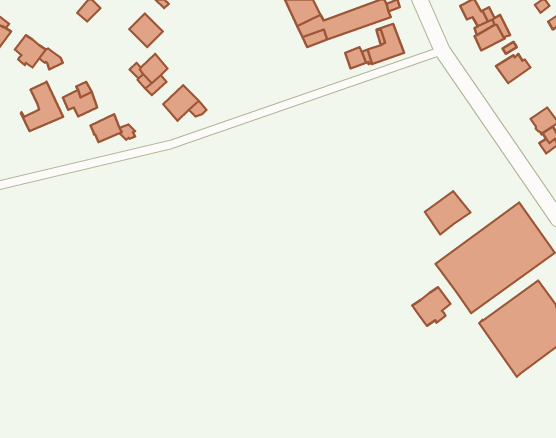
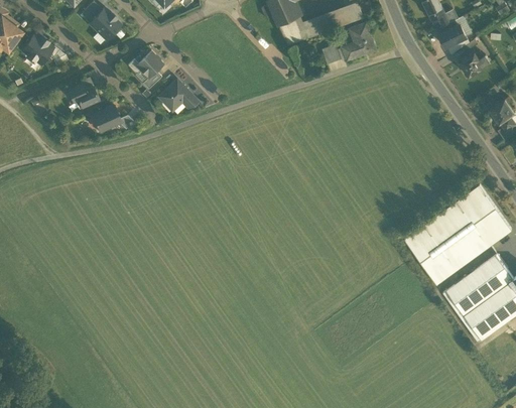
building: [129,14,163,47] -> [90,8,120,38]
building: [21,81,63,131] -> none
building: [425,191,470,234] -> none
building: [412,287,450,326] -> none

